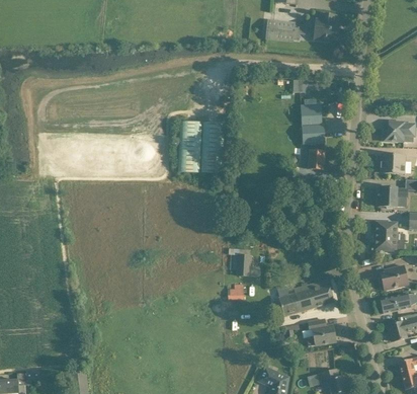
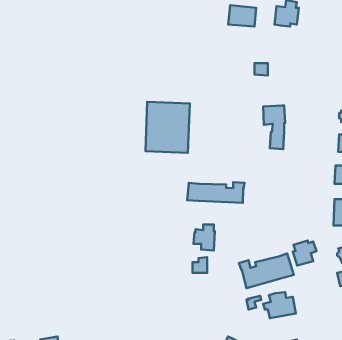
building: [301,103,322,125] -> none
building: none -> [187,182,244,203]
building: none -> [293,241,317,266]

